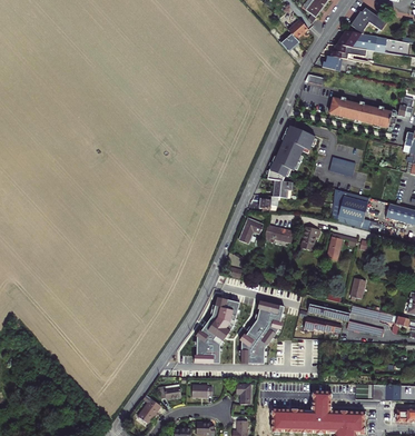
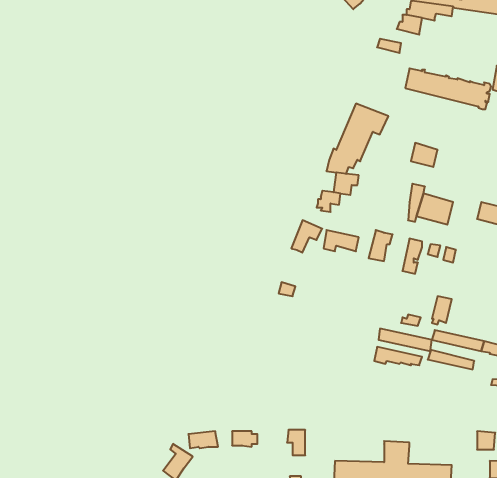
building: [197,297,240,364] -> none
building: [241,301,285,364] -> none

